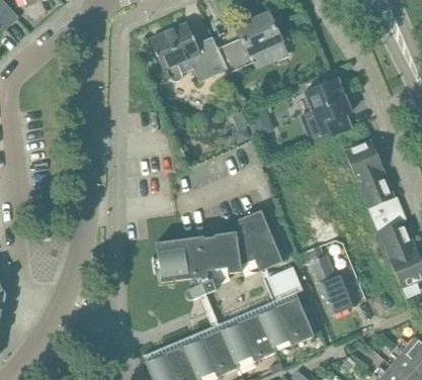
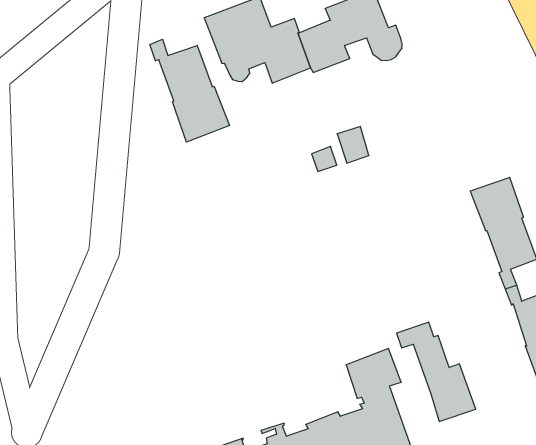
building: none -> [150,39,229,142]
building: [302,78,351,142] -> none
building: [152,209,282,300] -> none

